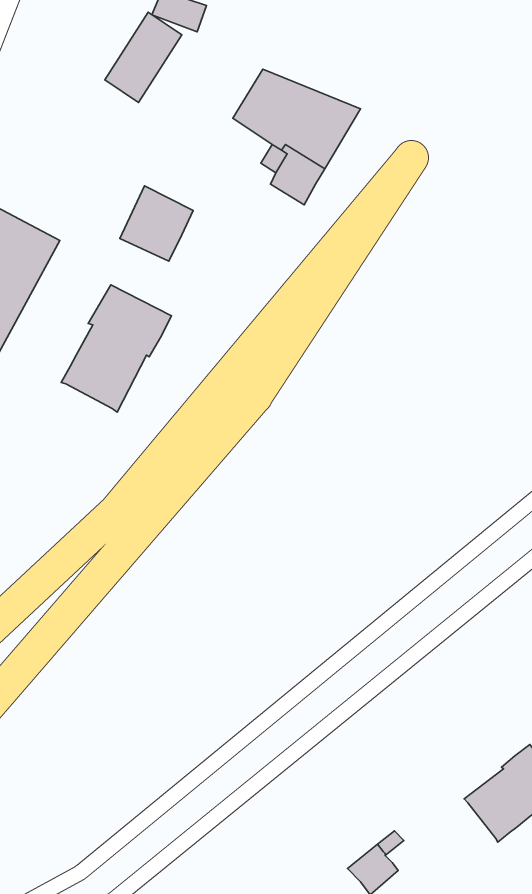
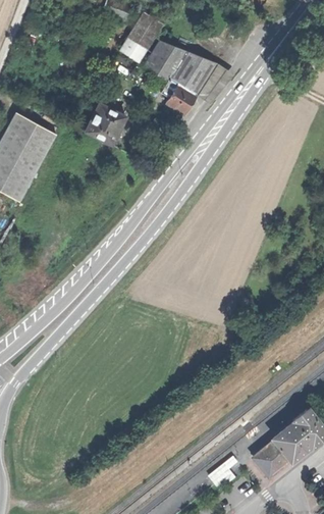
building: [105,12,182,102] -> [123,13,165,62]
building: [61,285,171,412] -> none
building: none -> [255,439,291,474]

